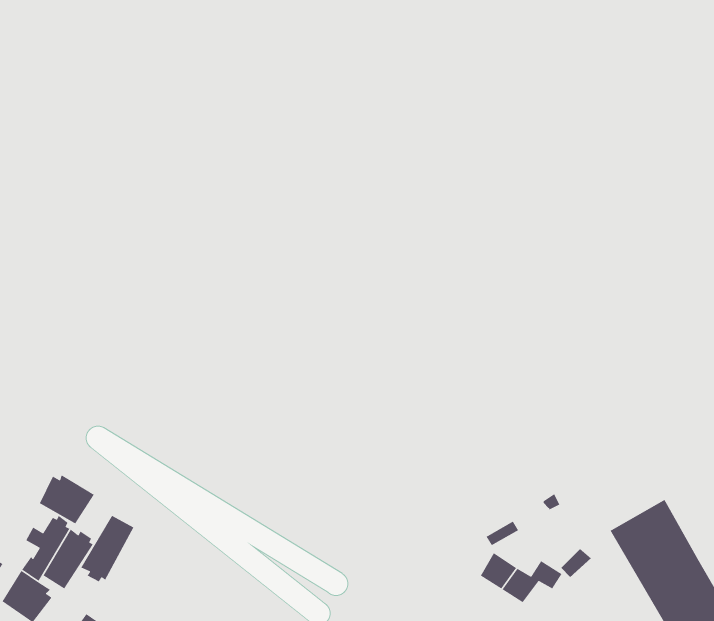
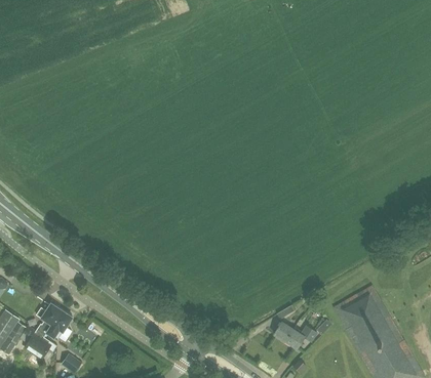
building: [39,474,95,525] -> none
building: [80,508,135,582] -> none

